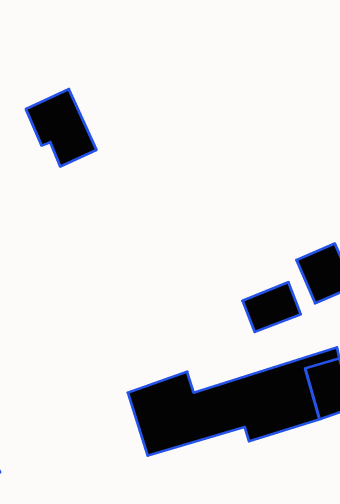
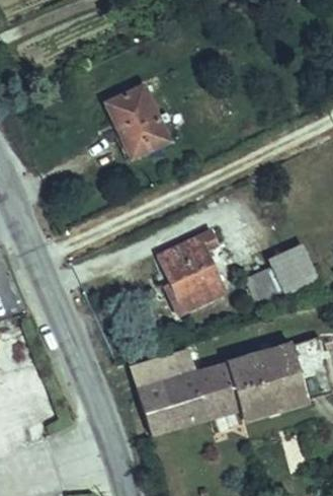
building: [26,89,96,166] -> [94,91,159,162]
building: none -> [146,241,211,323]

